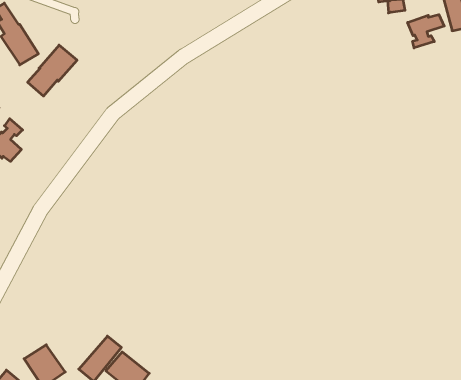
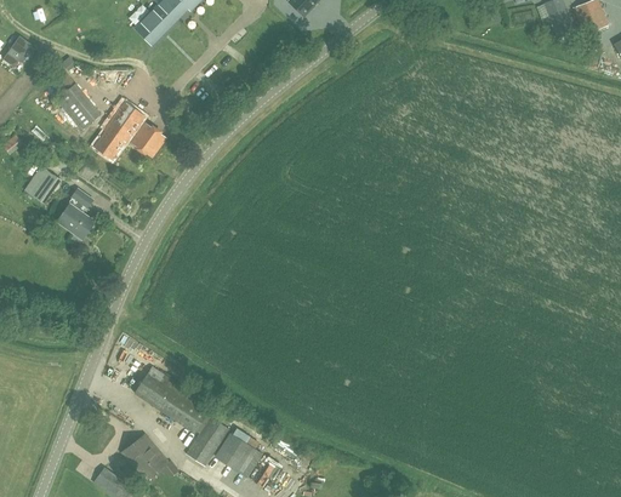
building: [408,15,444,48] -> none
building: none -> [129,121,166,158]
building: none -> [133,366,211,433]

